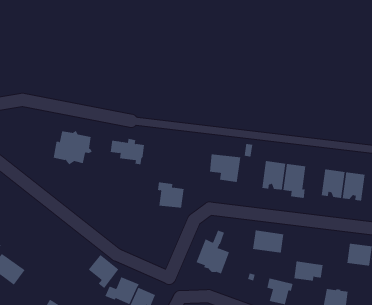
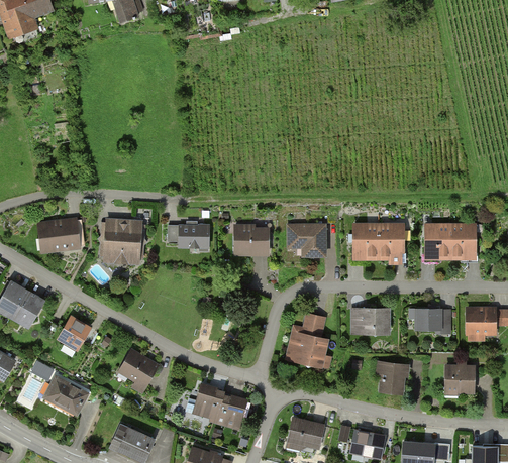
building: none -> [41,221,76,251]
building: [157,182,185,208] -> [235,226,268,254]
building: none -> [60,318,89,349]
building: [88,254,119,289] -> [119,350,157,390]
building: [293,261,323,281] -> [416,309,449,330]

